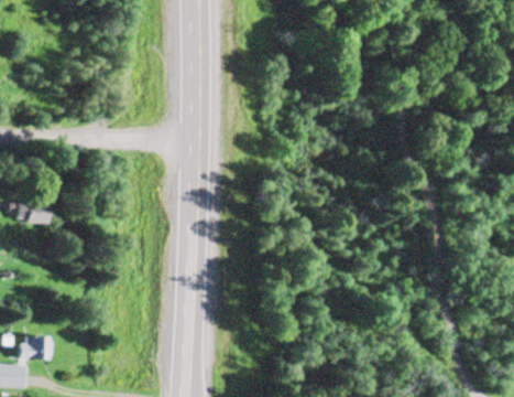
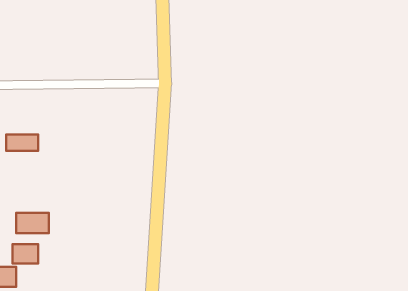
building: none -> [16,213,49,233]

